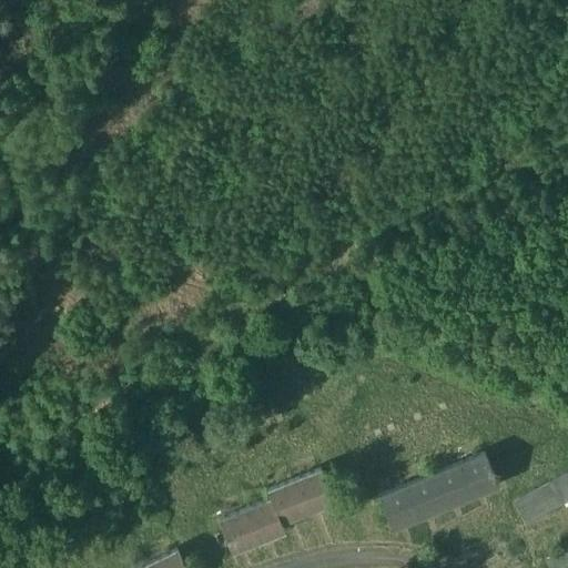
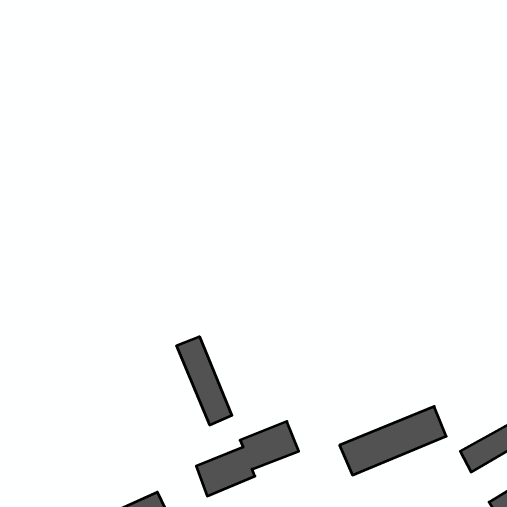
building: none -> [177,337,232,425]

